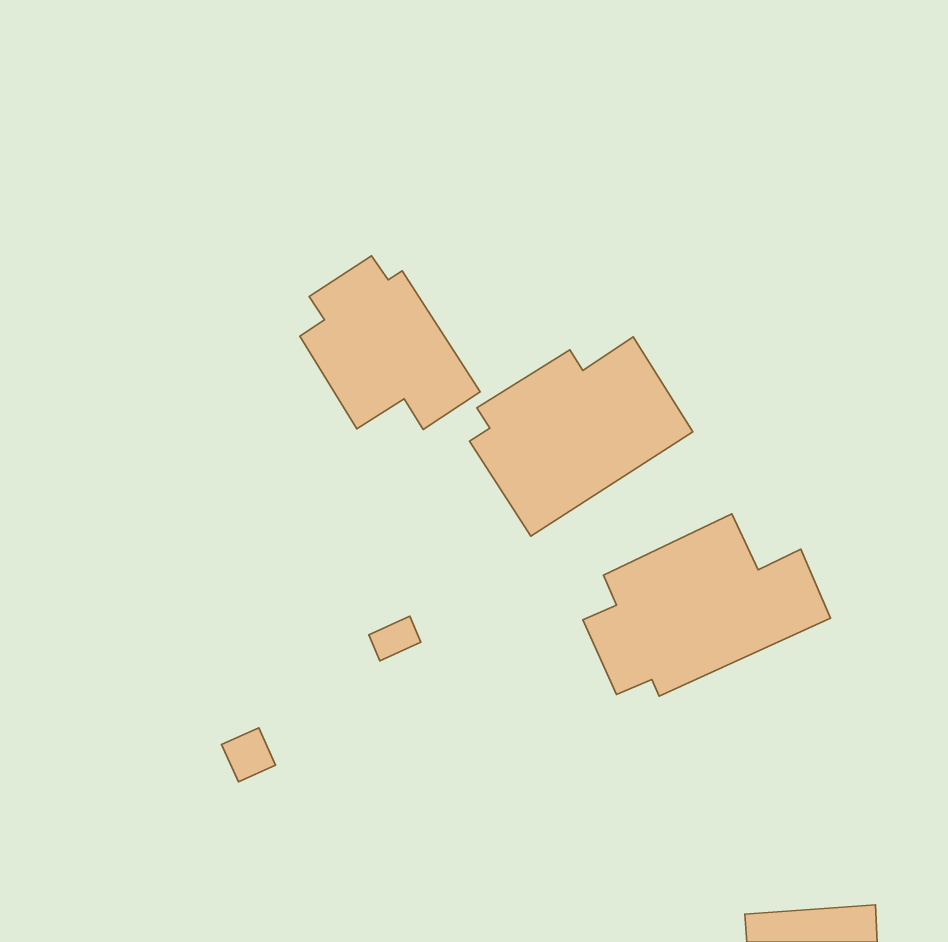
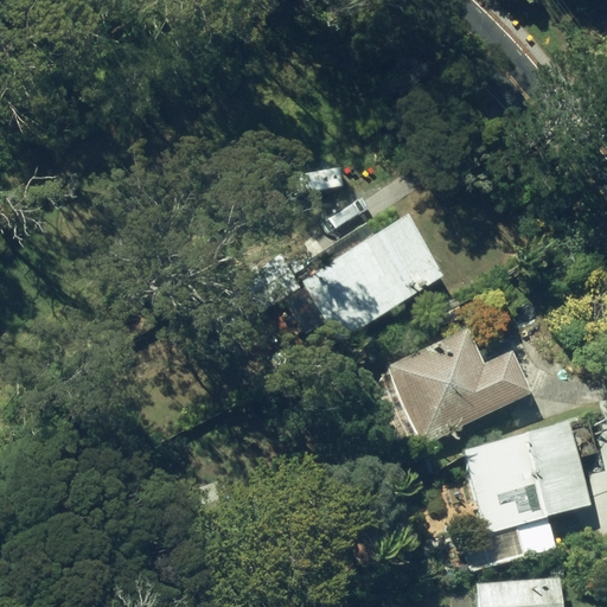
building: [300,256,480,430] -> none
building: none -> [464,422,590,555]

